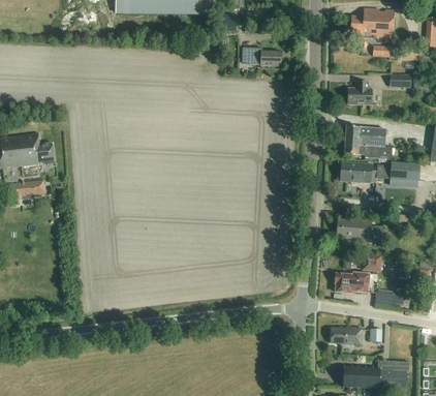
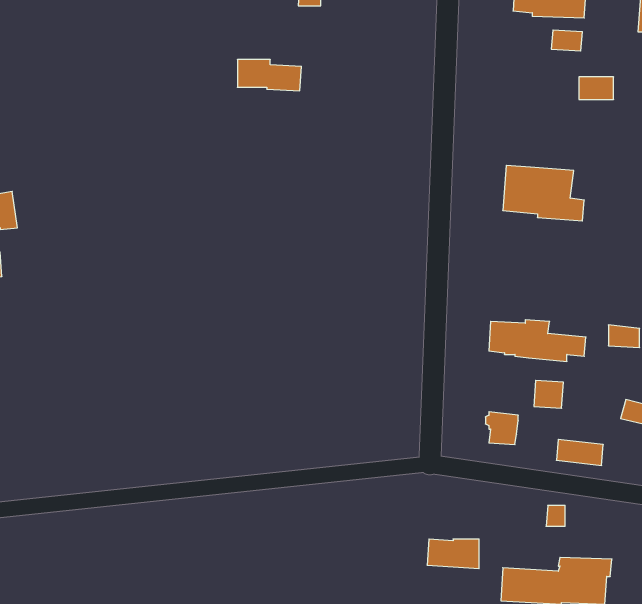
building: [243,48,281,66] -> [237,60,301,91]
building: [348,82,372,104] -> none
building: [341,161,418,188] -> none
building: [331,327,362,344] -> [427,539,479,569]

